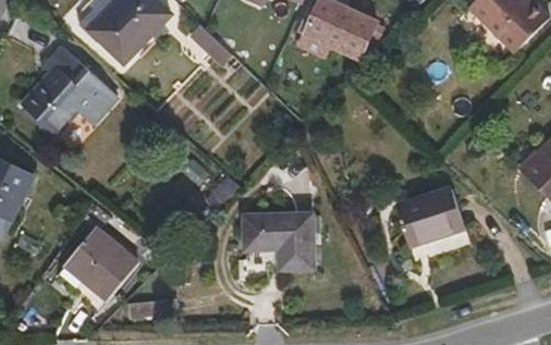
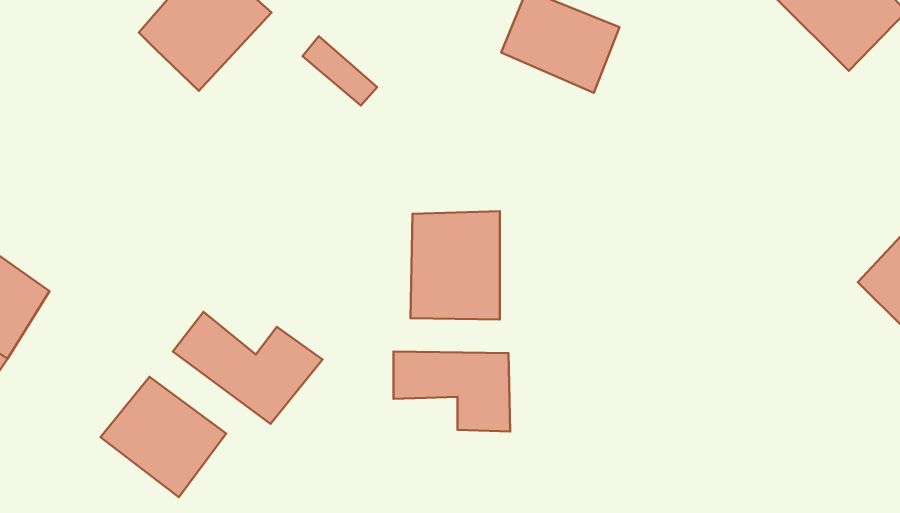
building: [21,38,117,127] -> none
building: none -> [410,211,500,320]
building: [392,188,460,247] -> none
building: none -> [173,312,322,424]

